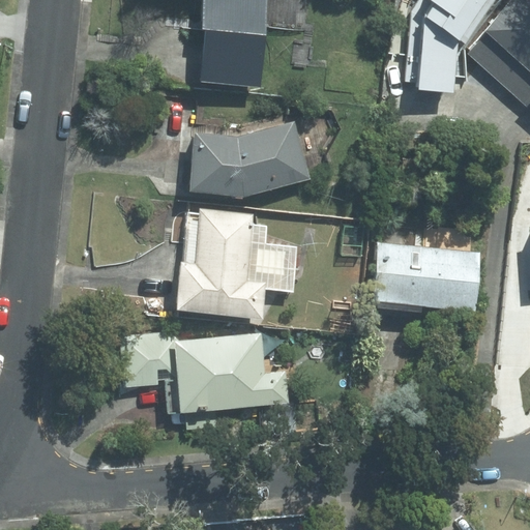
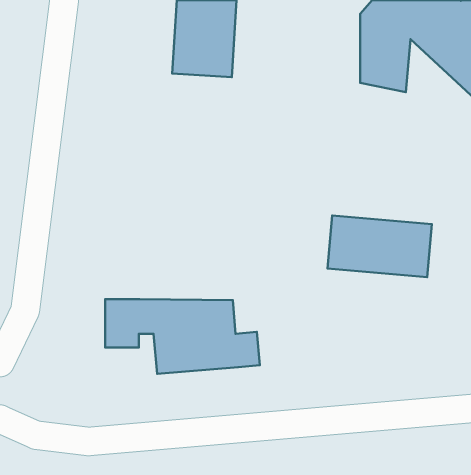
building: [189,117,314,200] -> none
building: [150,209,300,322] -> none

